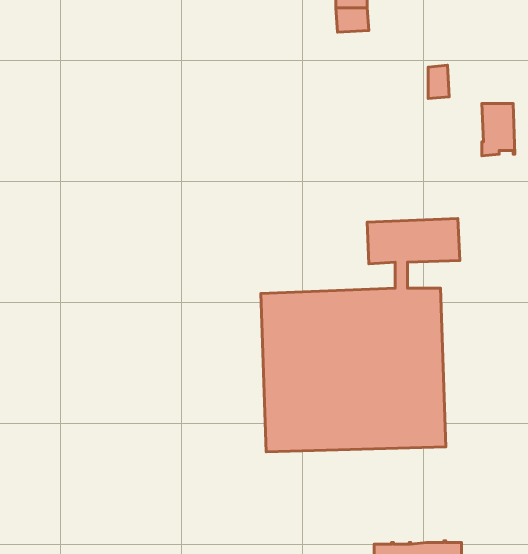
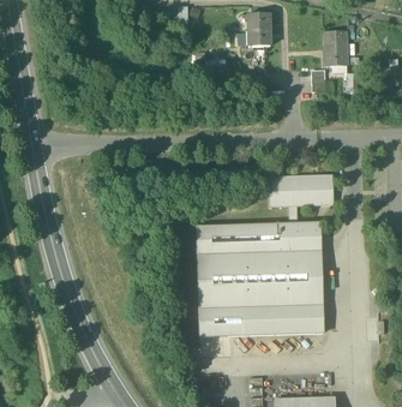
building: [482,104,515,156] -> [324,31,347,67]

